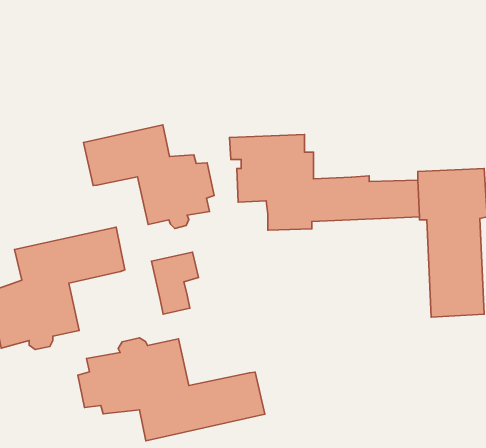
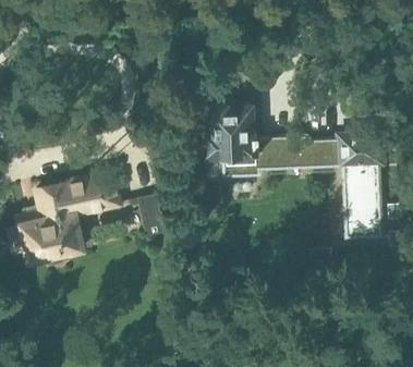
building: [83,125,214,228] -> none
building: [78,338,265,441] -> none

